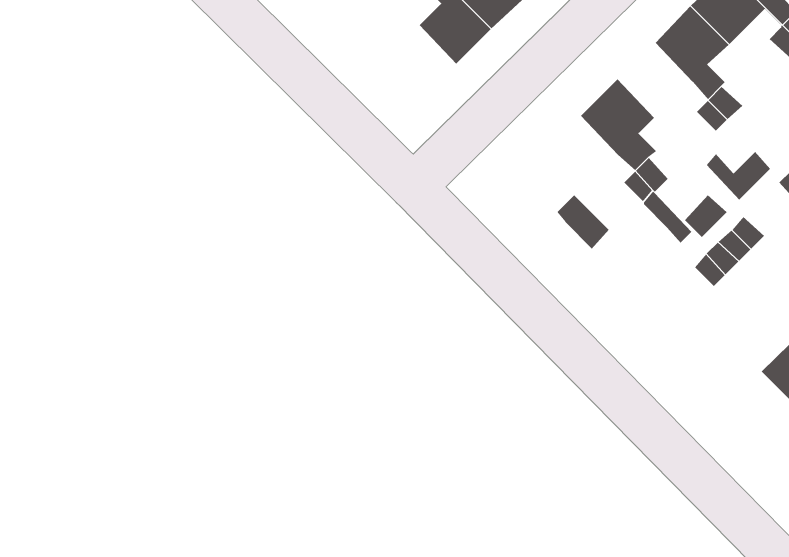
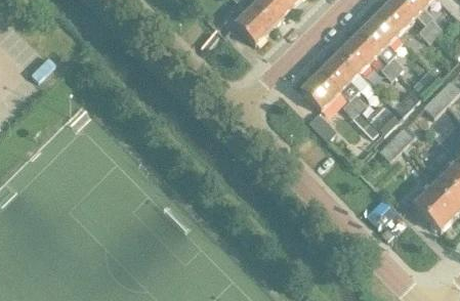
building: none -> [339,32,378,71]
building: none -> [300,70,339,109]

